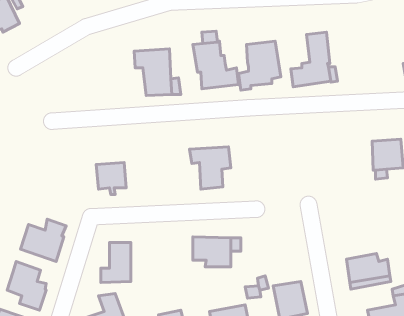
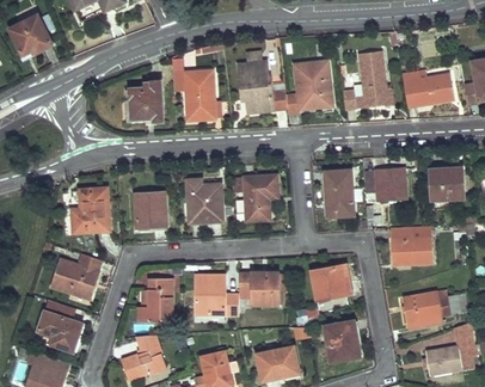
building: none -> [401,74,454,109]
building: none -> [128,80,164,123]
building: none -> [375,168,406,203]
building: none -> [324,170,354,219]
building: none -> [188,180,222,223]
building: none -> [72,190,110,234]
building: none -> [391,227,432,266]
building: none -> [311,266,348,301]
building: none -> [195,276,239,315]

